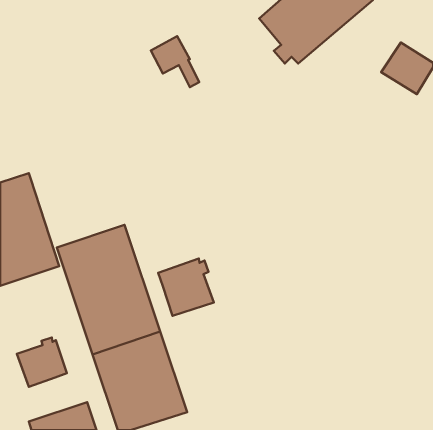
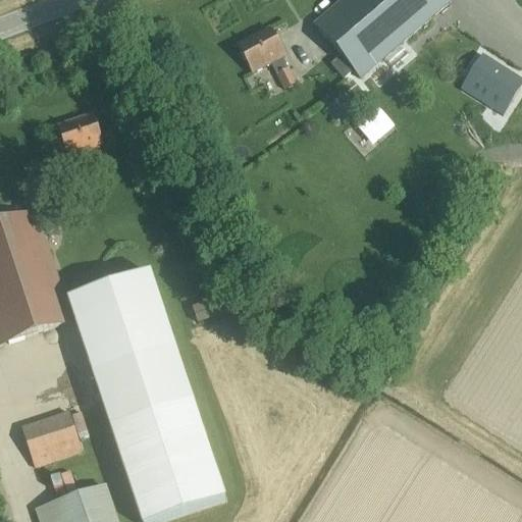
building: [151,36,199,87] -> [237,27,295,88]
building: none -> [57,112,108,174]
building: [158,259,214,316] -> none

